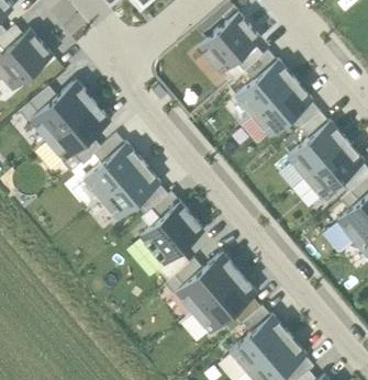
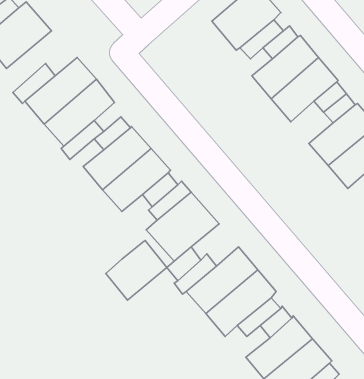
building: none -> [106,241,167,300]

